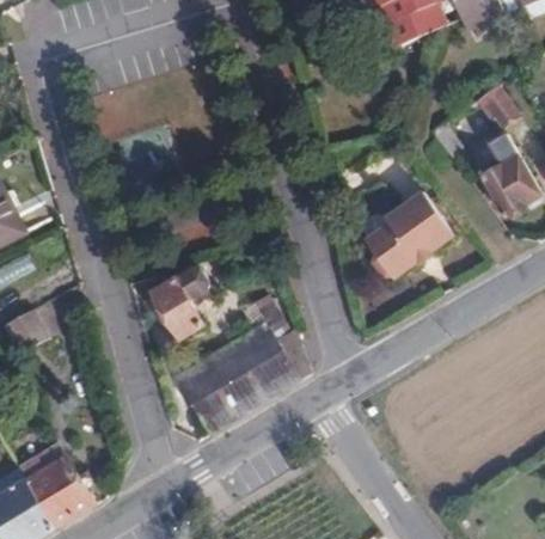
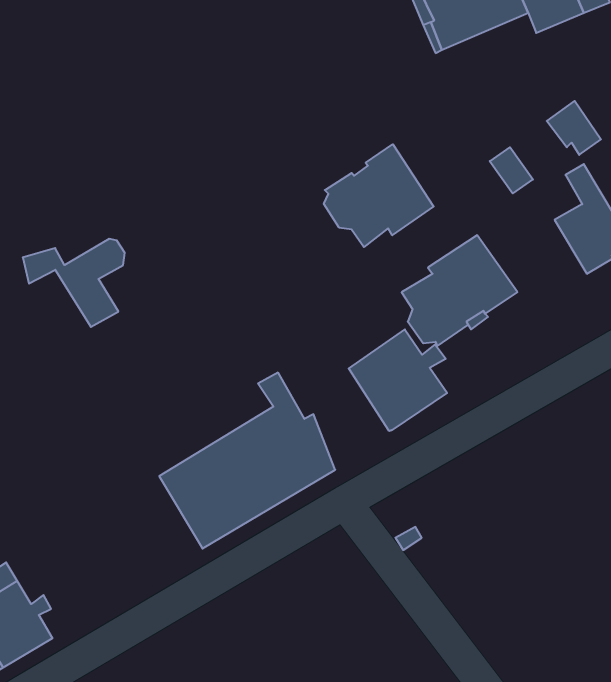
building: none -> [324,144,434,247]
building: none -> [349,329,447,431]
building: [128,269,207,337] -> [23,239,125,327]

